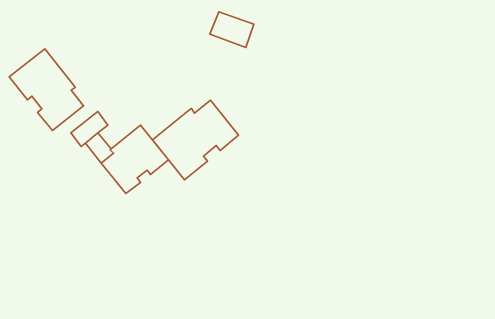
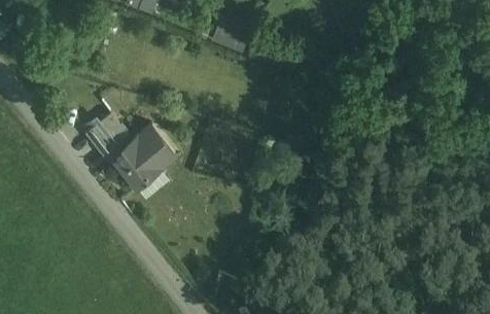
building: [9,49,84,130] -> none
building: [152,100,238,180] -> none

